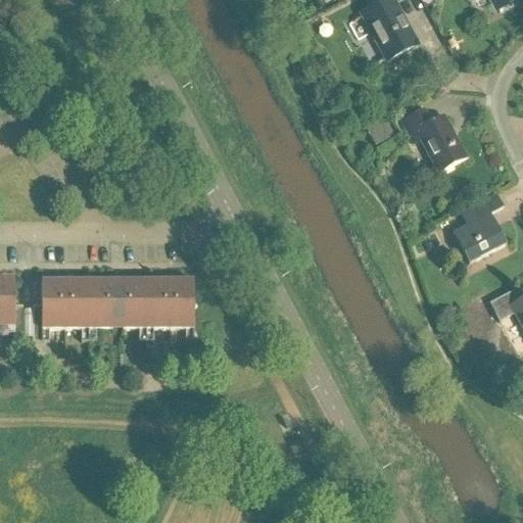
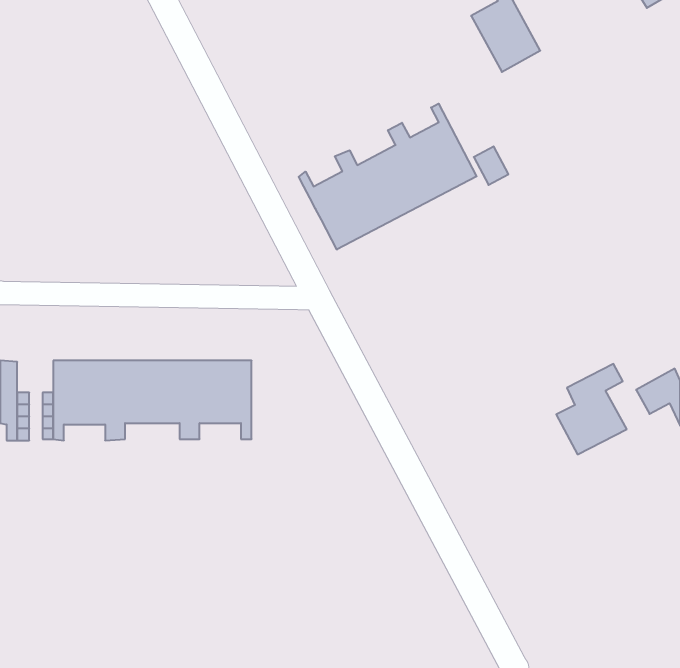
building: none -> [299,104,477,250]
building: [400,104,466,170] -> none
building: [451,190,506,259] -> [556,364,627,454]

